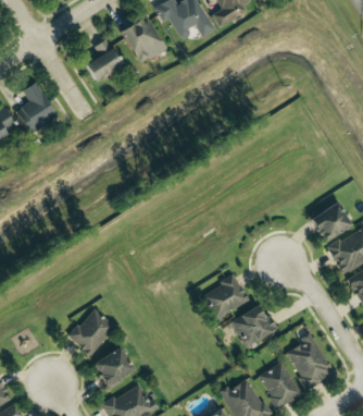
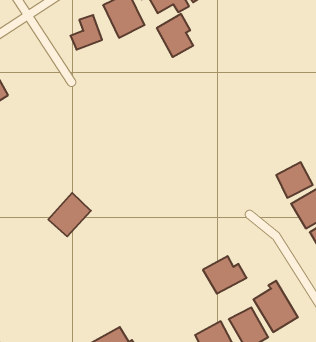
building: none -> [157,14,193,57]
building: [15,82,55,133] -> none
building: [204,276,249,318] -> none
building: [68,308,115,356] -> [48,193,91,236]
building: [92,348,133,387] -> none

